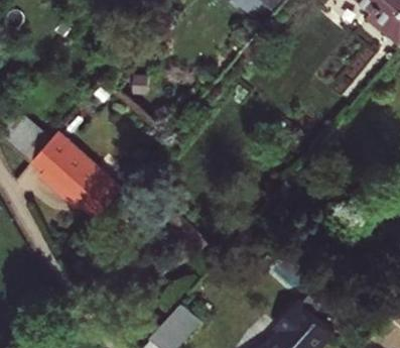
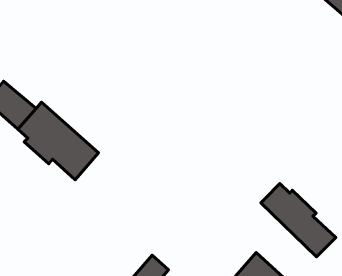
building: none -> [261,184,336,257]

